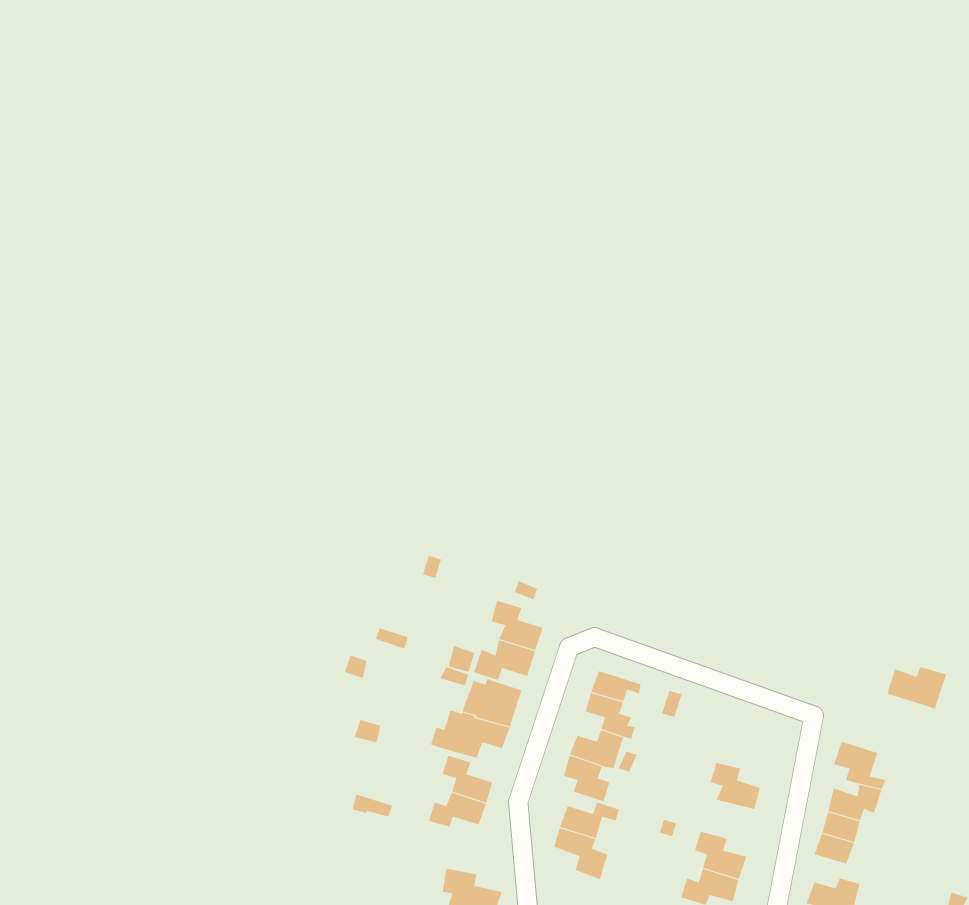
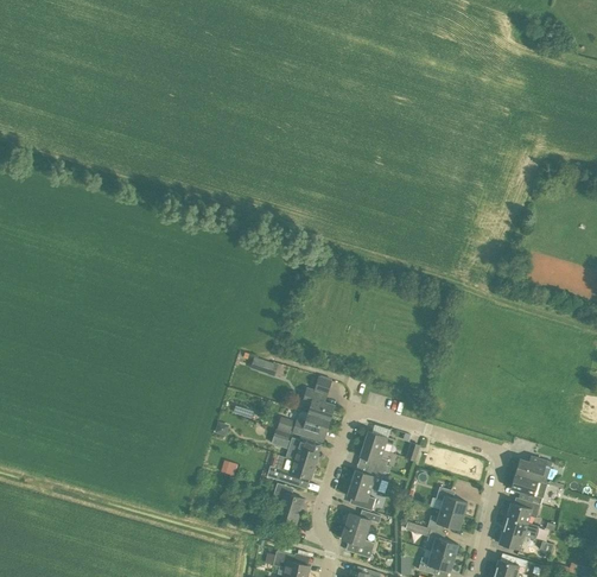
building: [887,666,947,709] -> [515,457,552,483]
building: none -> [427,509,463,532]

